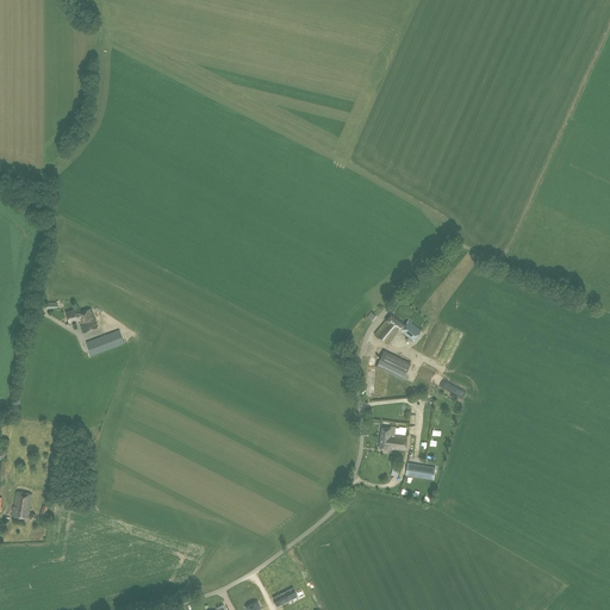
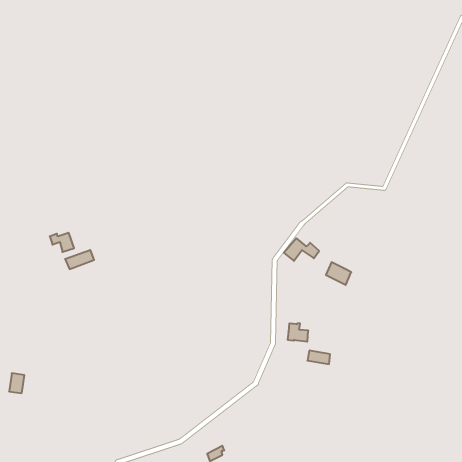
building: [376,349,410,379] -> [326,262,351,285]

